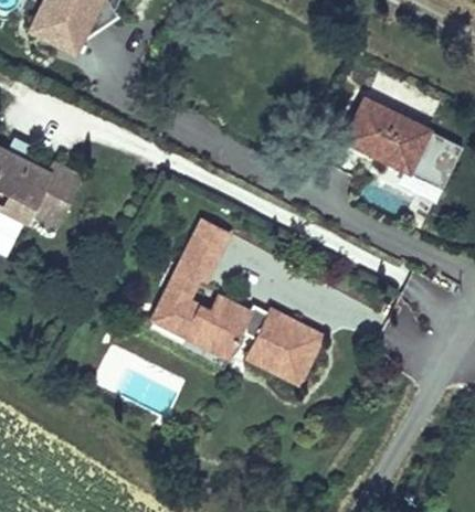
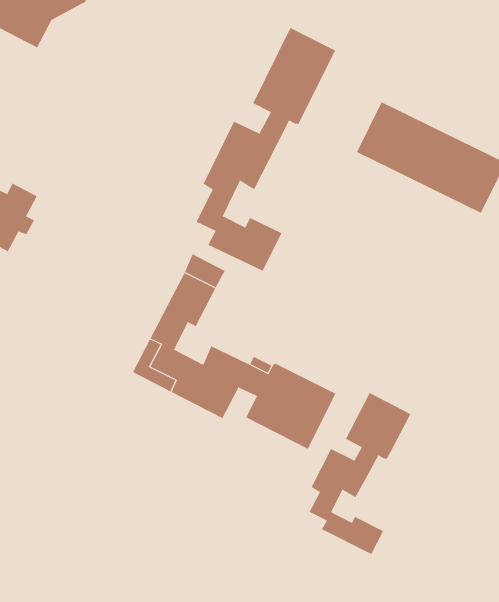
building: none -> [196,27,336,272]
building: none -> [309,392,411,555]

